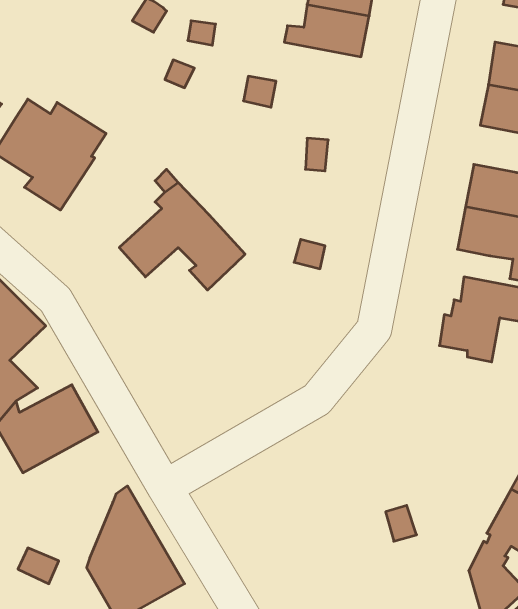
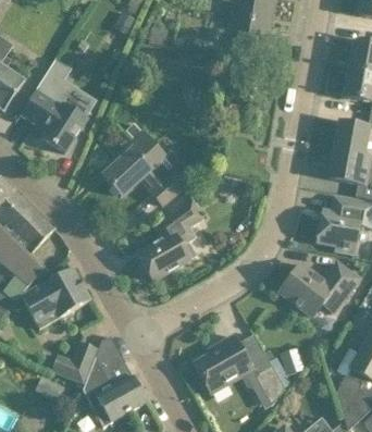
building: none -> [136,198,203,280]
building: none -> [278,262,357,316]
building: none -> [194,333,285,405]
building: none -> [50,341,96,383]

